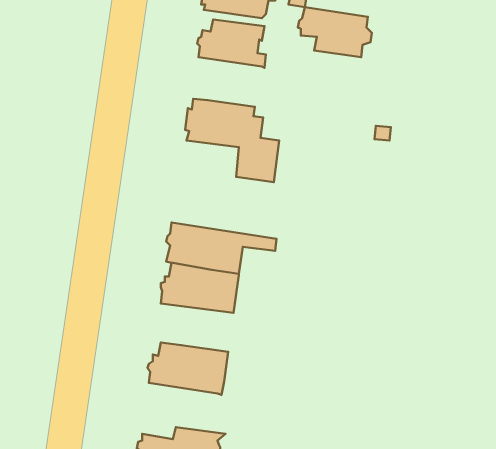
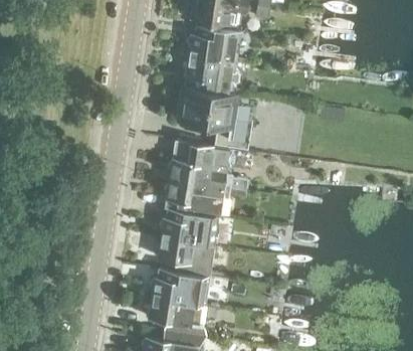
building: [298,7,372,57] -> [183,54,238,92]
building: none -> [167,140,247,190]
building: none -> [156,238,214,275]
building: none -> [147,298,208,336]

